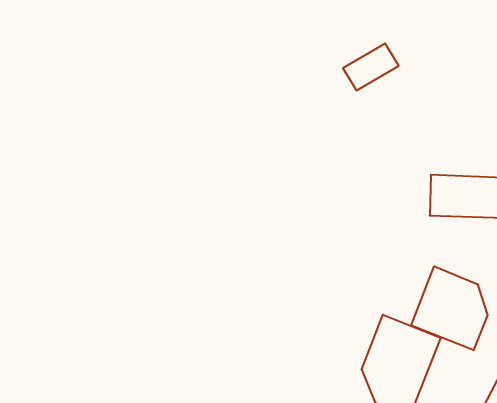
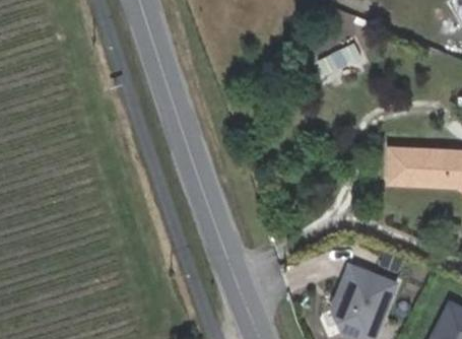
building: [411,266,488,350] -> none

